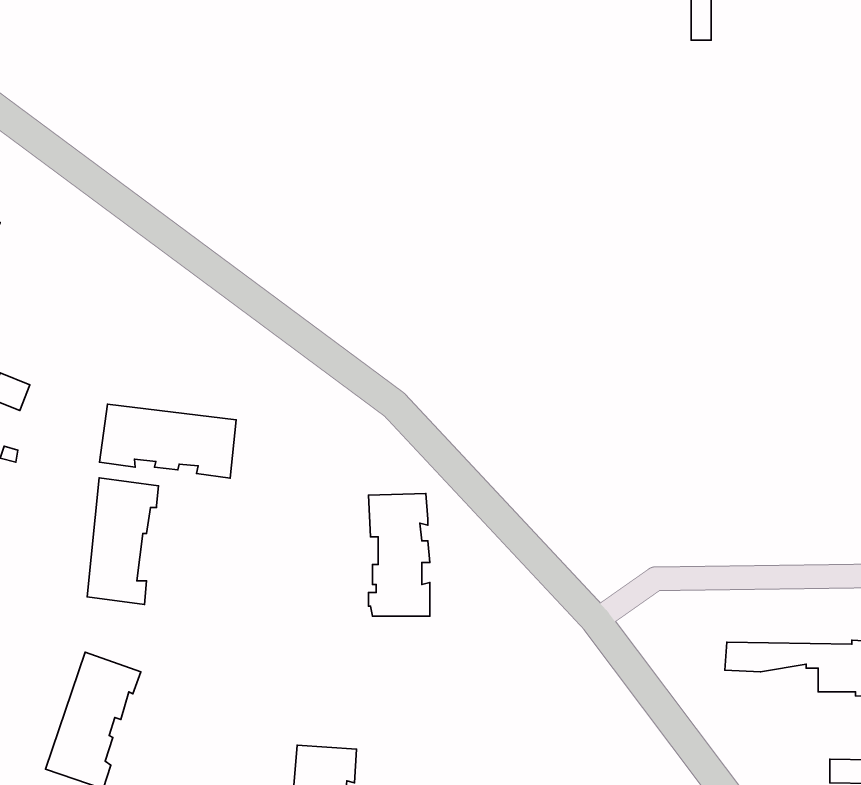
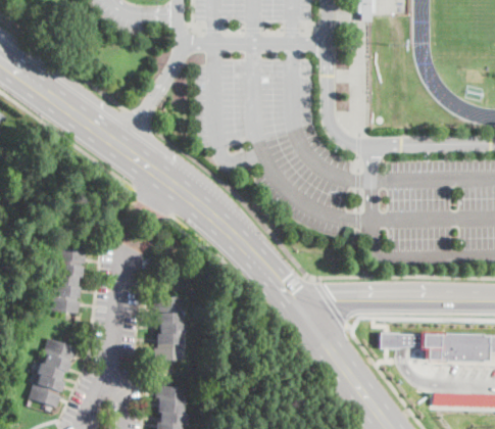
building: [99,404,236,478] -> none
building: [368,493,430,616] -> [154,297,186,361]

